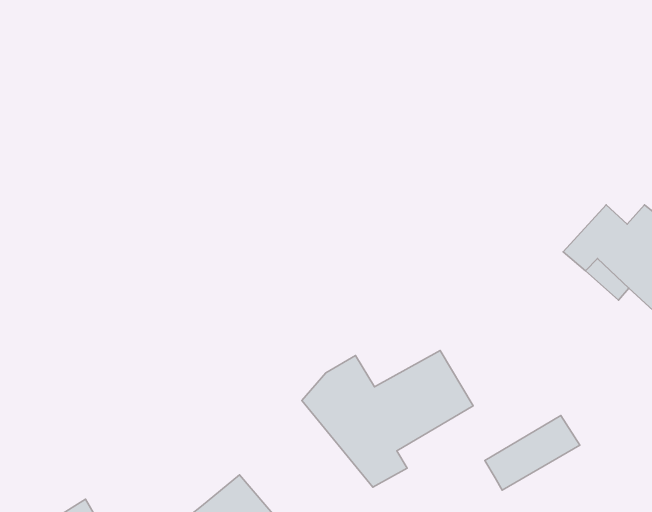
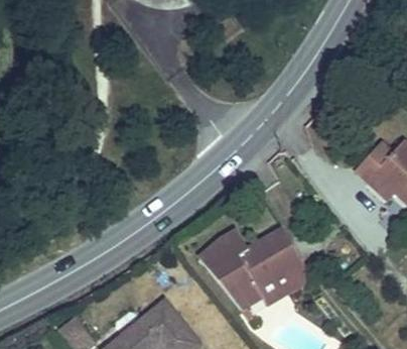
building: [485,416,580,490] -> [257,260,312,304]

